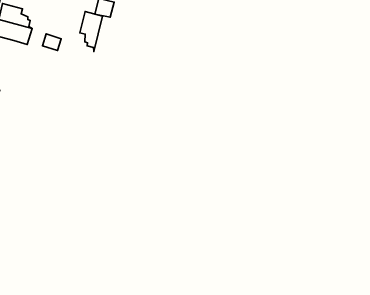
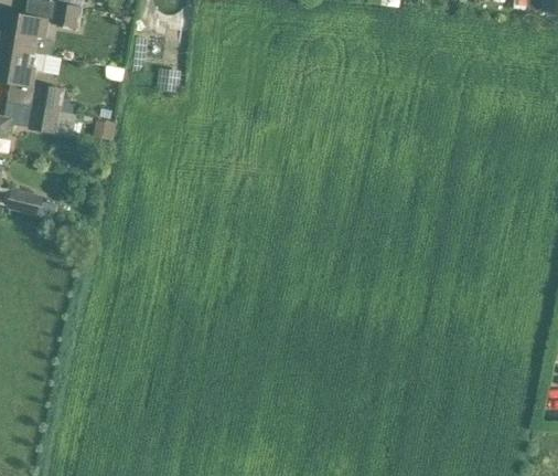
building: [80,12,102,52] -> none

